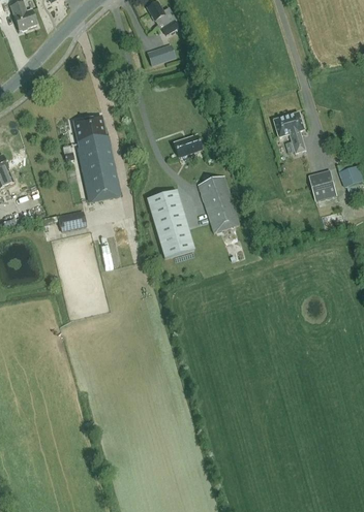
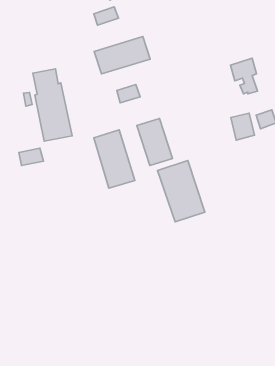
building: none -> [94,37,150,74]
building: [273,110,305,153] -> [230,58,257,94]
building: none -> [157,160,205,222]

